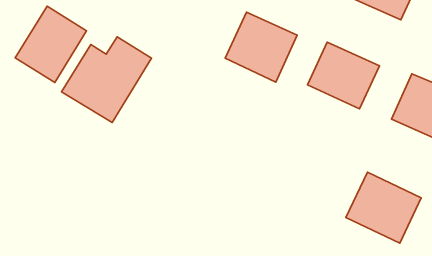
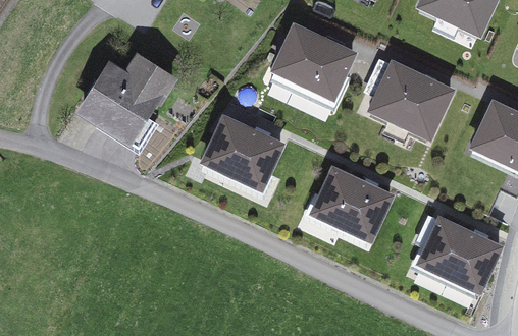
building: [15,6,87,82] -> none
building: none -> [200,115,282,191]
building: none -> [306,164,394,245]

